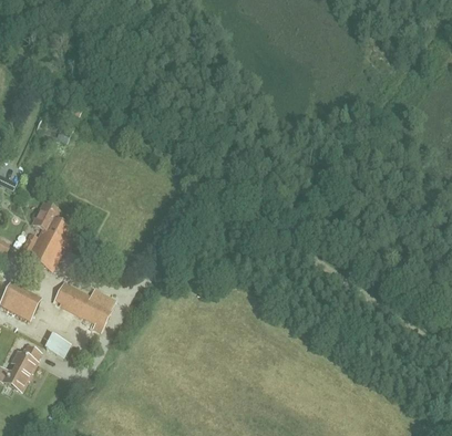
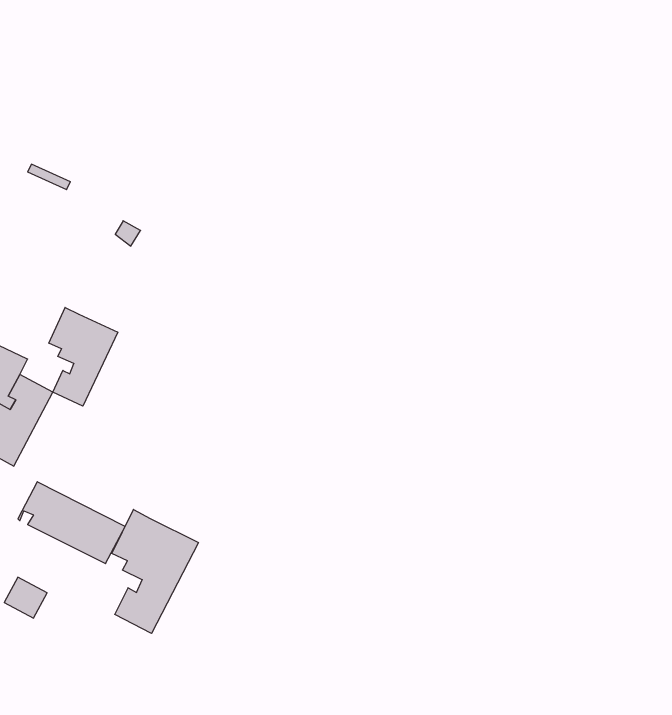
building: none -> [49,307,118,406]
building: none -> [112,509,198,633]

